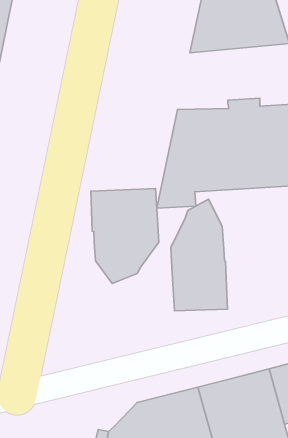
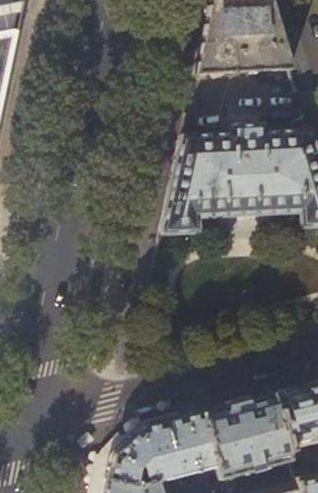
building: [91,188,159,283] -> none
building: [171,199,228,311] -> none

